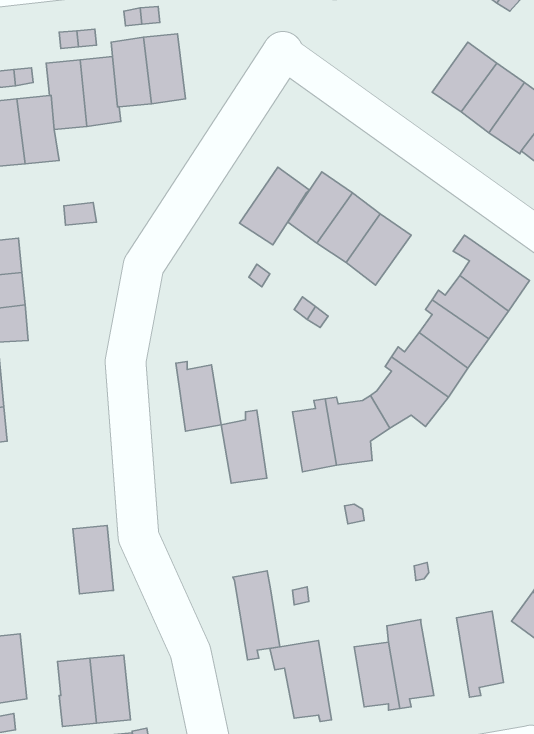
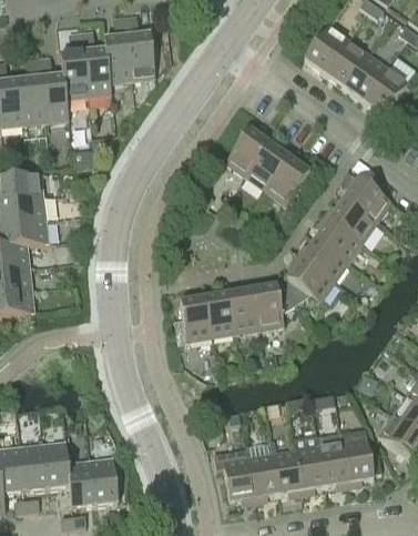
building: none -> [304,24,348,73]
building: [240,167,309,245] -> none
building: [176,362,221,431] -> [204,290,235,337]
building: [73,526,114,594] -> [42,442,70,488]
building: [233,571,280,660] -> [245,442,277,503]
building: none -> [316,433,349,488]

